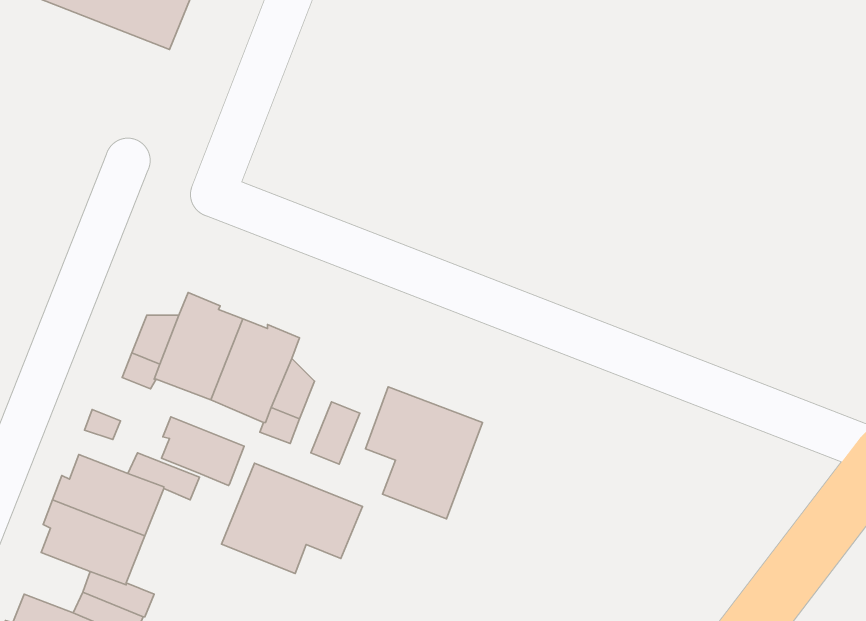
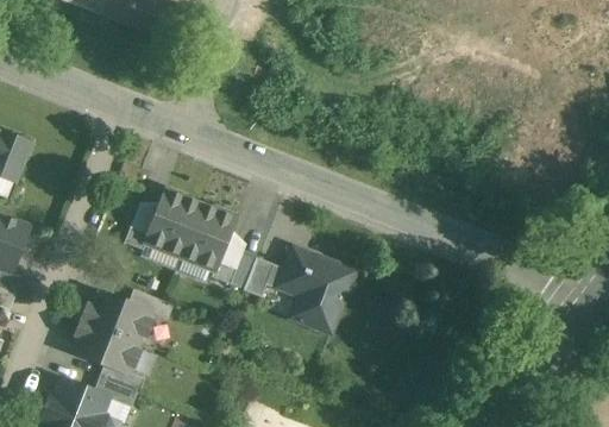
building: [162,417,244,485] -> none
building: [221,463,363,574] -> none

